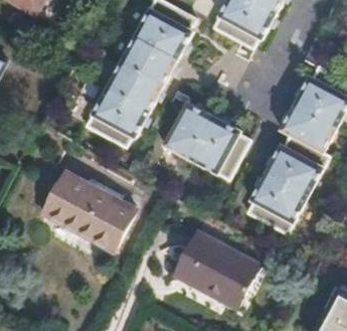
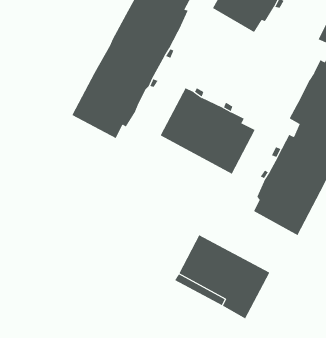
building: [48,170,140,251] -> none

